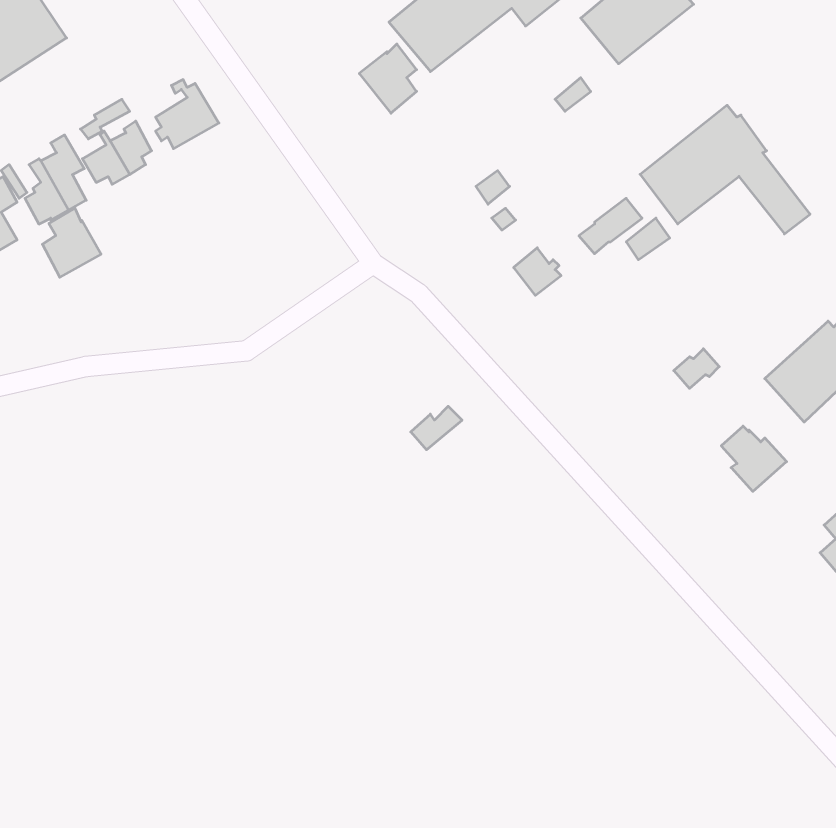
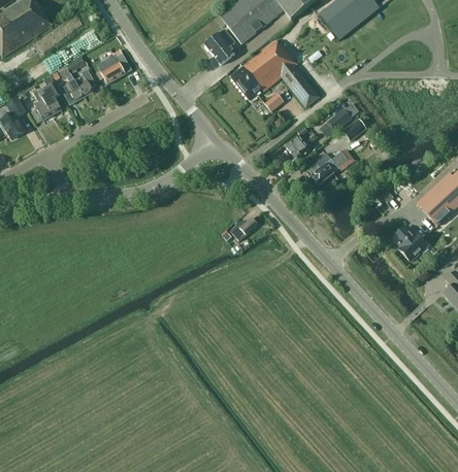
building: [640,105,810,234] -> [230,39,319,106]
building: [42,208,101,277] -> none
building: none -> [306,150,348,183]

